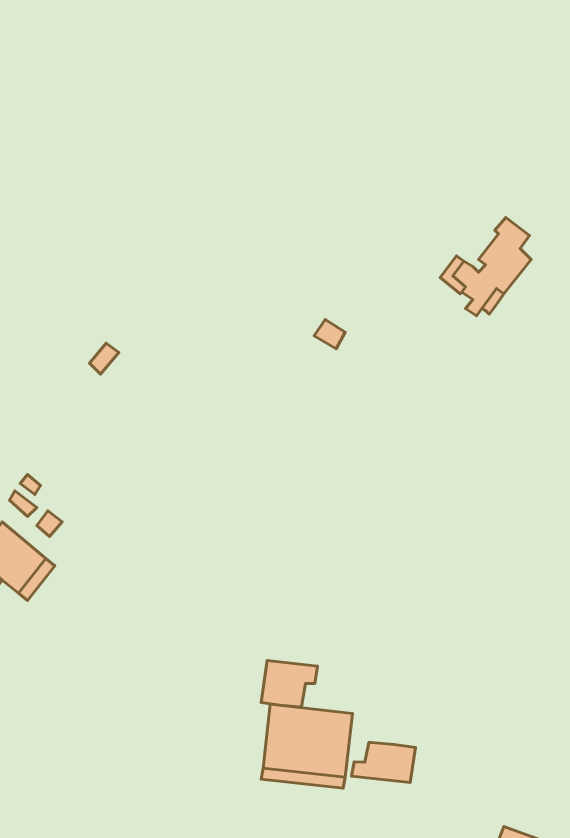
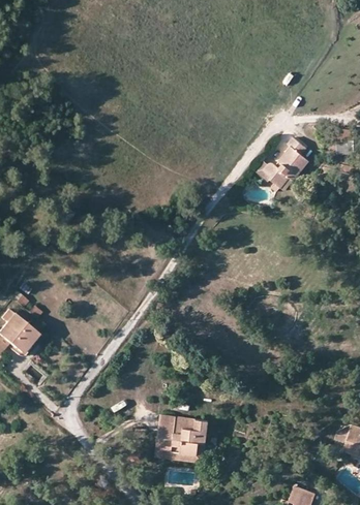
building: [261,661,318,707] -> none
building: [352,743,415,783] -> none

